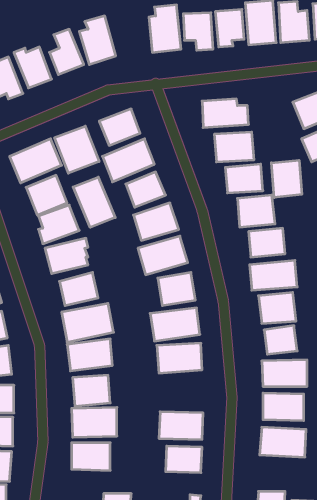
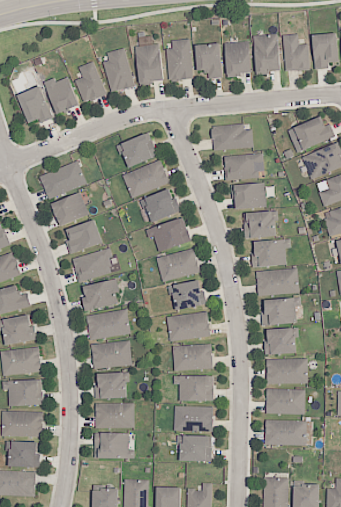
building: none -> [135,45,164,84]
building: [55,126,99,173] -> none
building: [271,160,302,198] -> none
building: [73,177,115,227] -> none
building: none -> [178,377,215,402]

